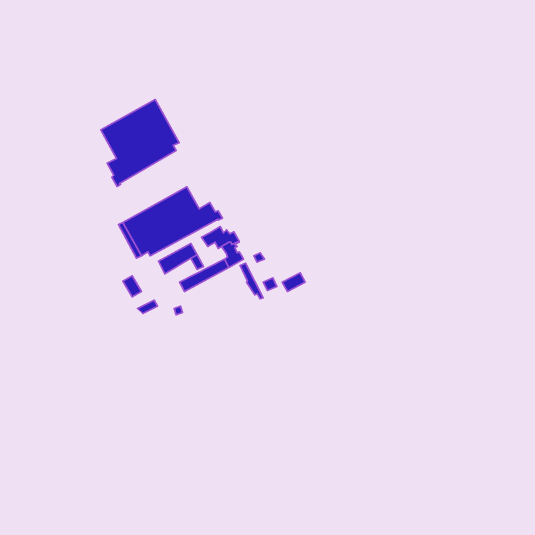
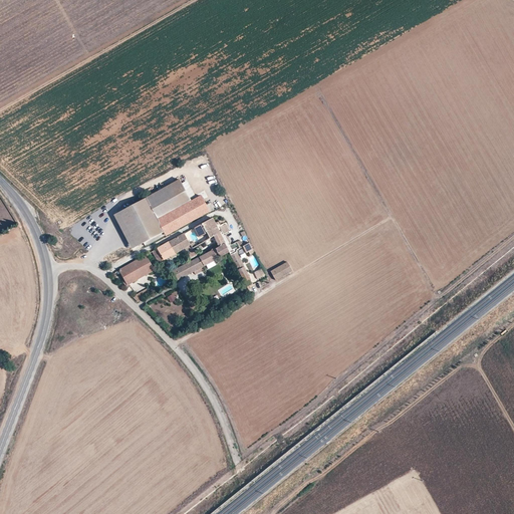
building: [101,100,179,187] -> none
building: none -> [126,254,154,279]

